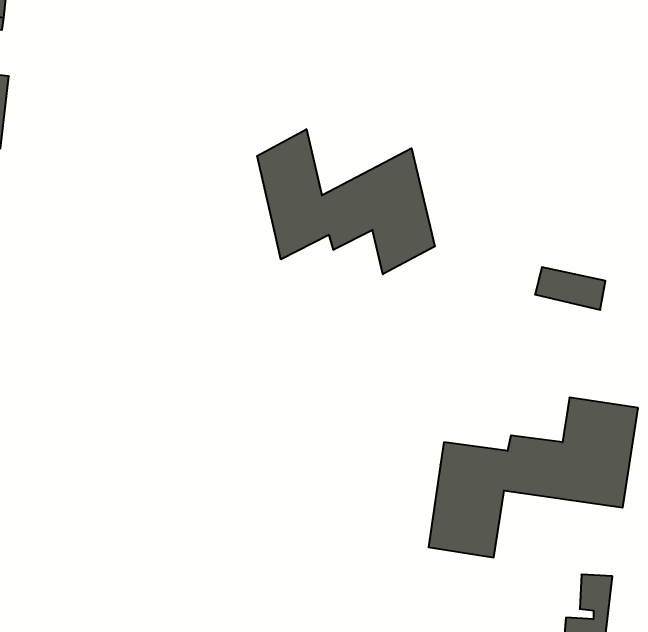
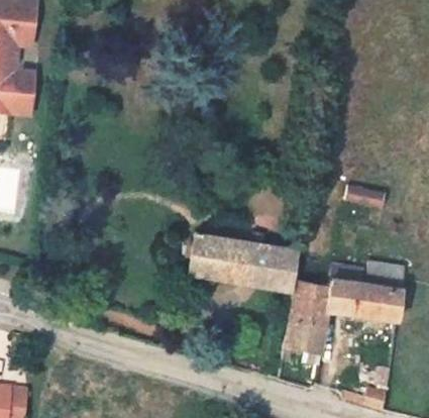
building: [257,129,435,274] -> none
building: none -> [189,239,297,298]

